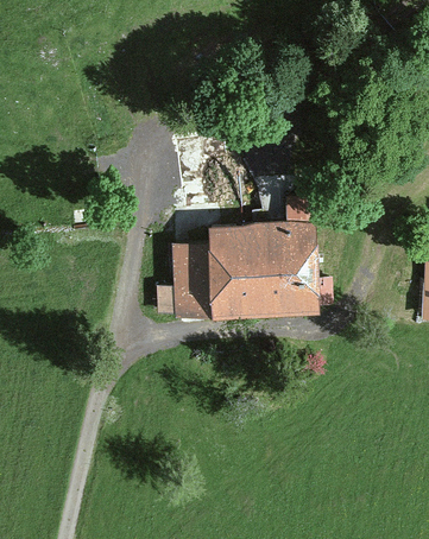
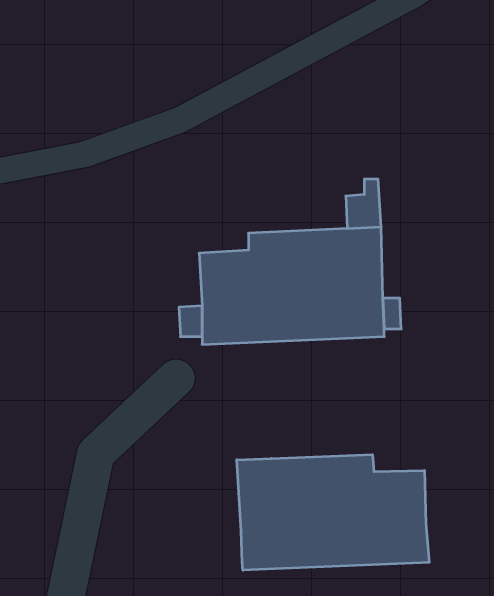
building: none -> [237,455,429,570]

